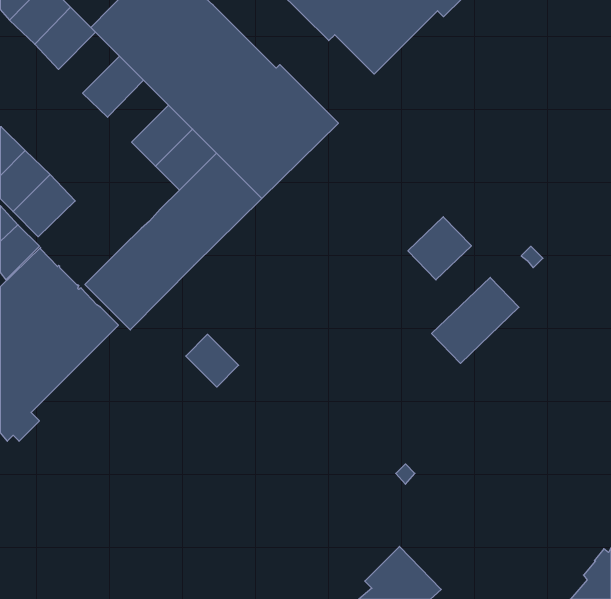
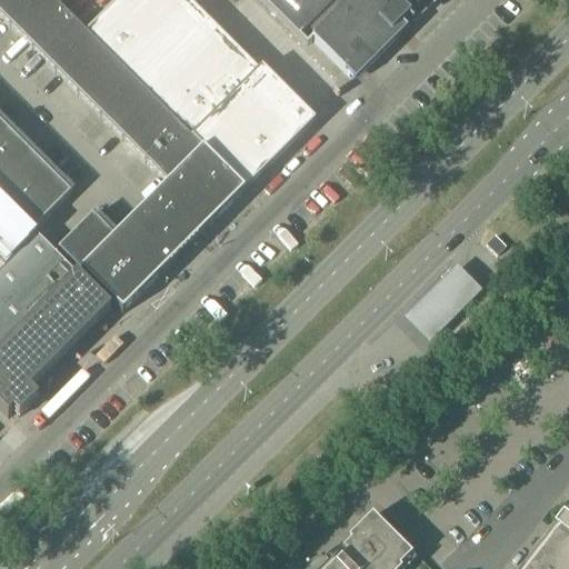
building: none -> [54,30,111,87]
building: none -> [100,74,157,132]
building: [408,217,471,280] -> none
building: none -> [57,208,113,264]
building: [186,334,239,387] -> none

